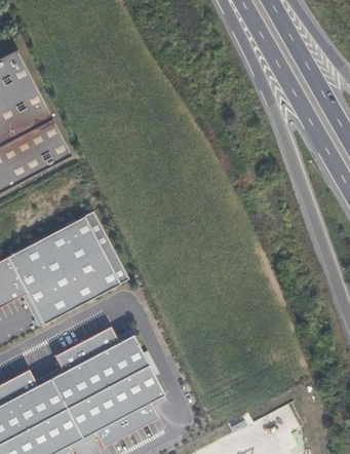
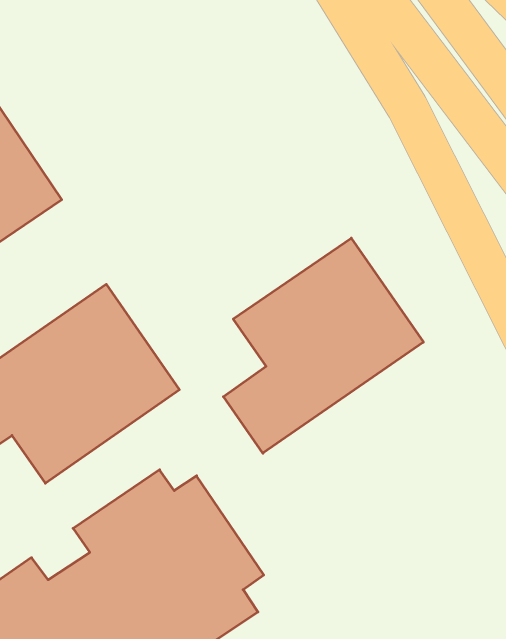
building: none -> [223,238,423,453]

